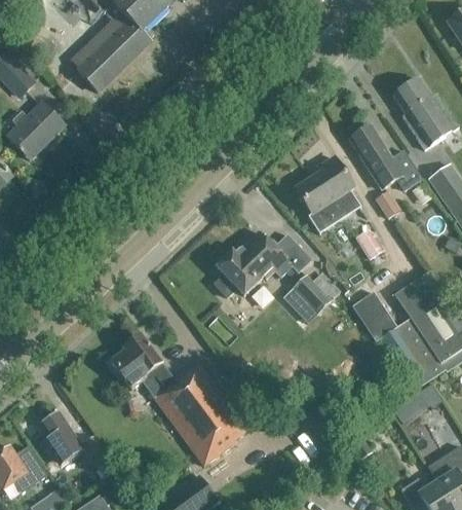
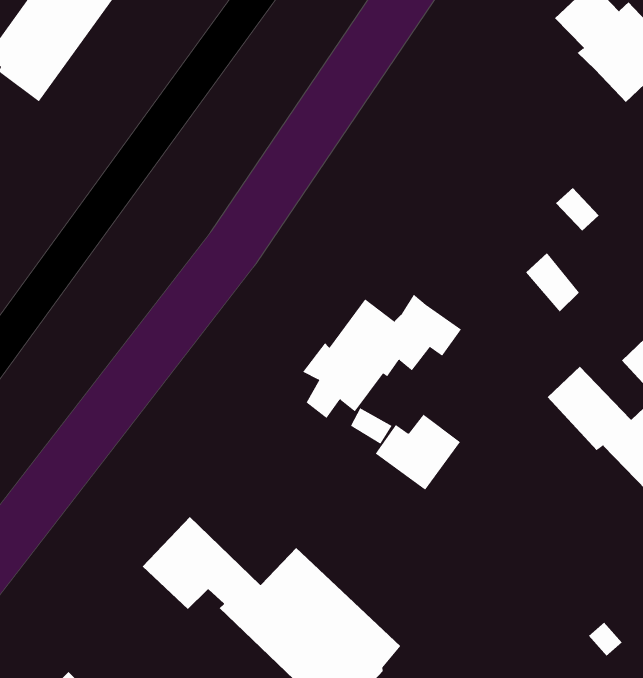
building: [349,126,423,190] -> none
building: [296,157,355,225] -> none
building: [292,271,341,315] -> [375,414,461,491]

